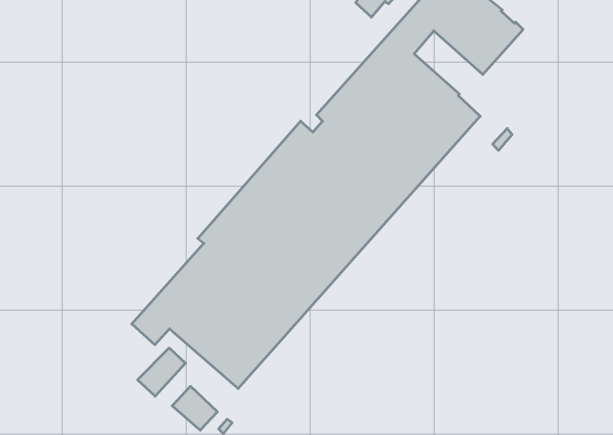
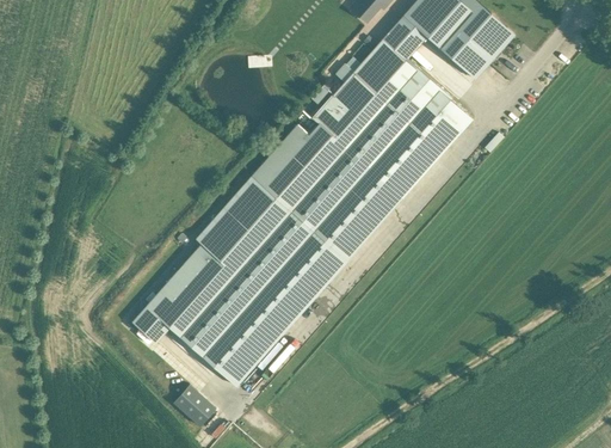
building: [138,348,186,396] -> none

